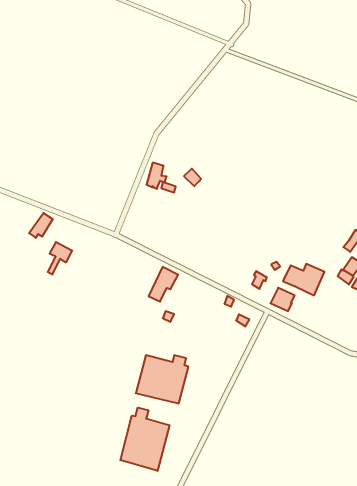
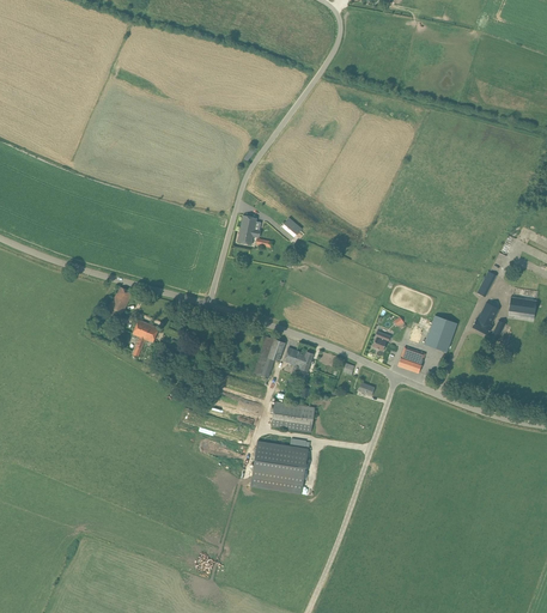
building: none -> [284,346,314,383]
building: none -> [272,400,315,431]
building: [120,408,169,471] -> none

